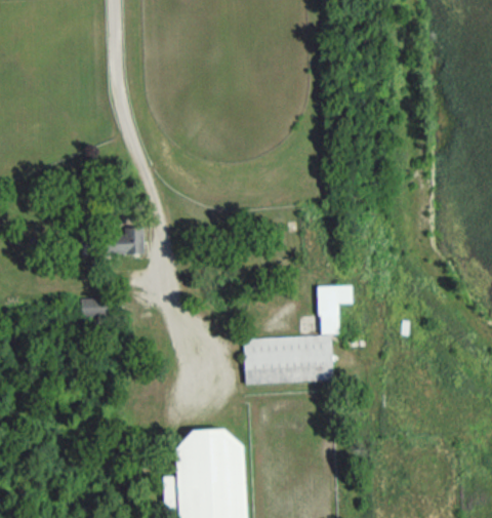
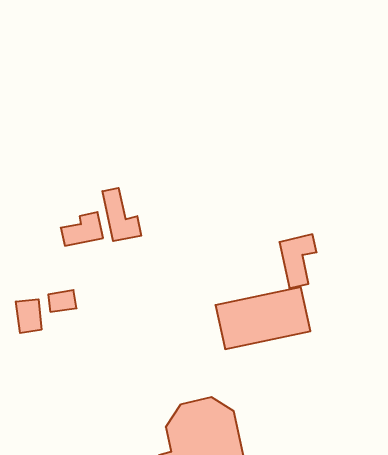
building: none -> [102,188,141,241]
building: none -> [16,299,41,333]

